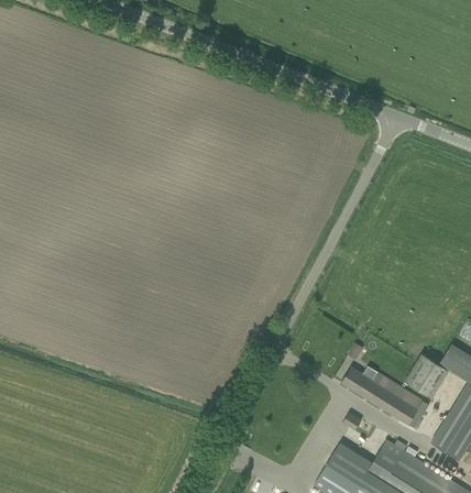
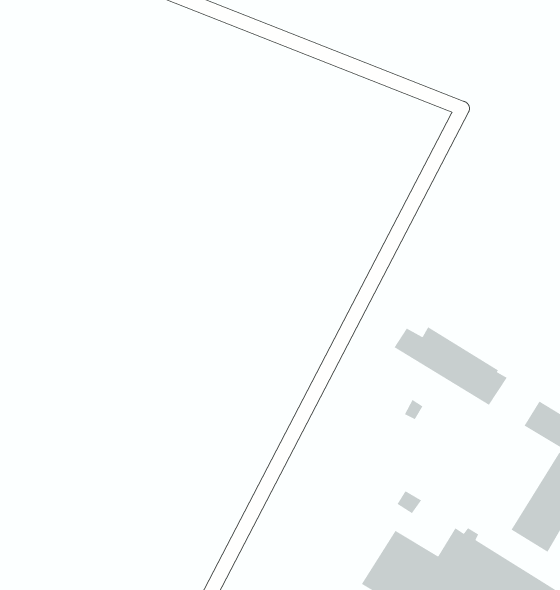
building: [404,353,448,397] -> none
building: [340,366,428,428] -> [394,326,508,406]

